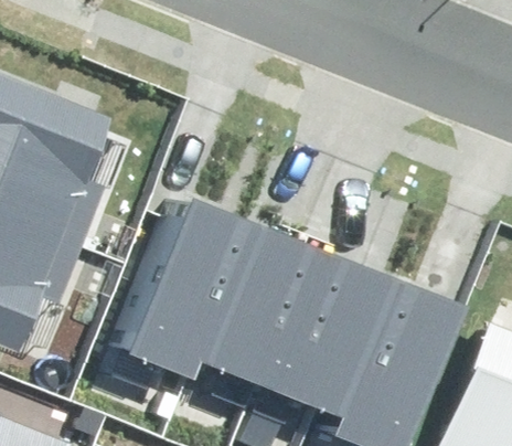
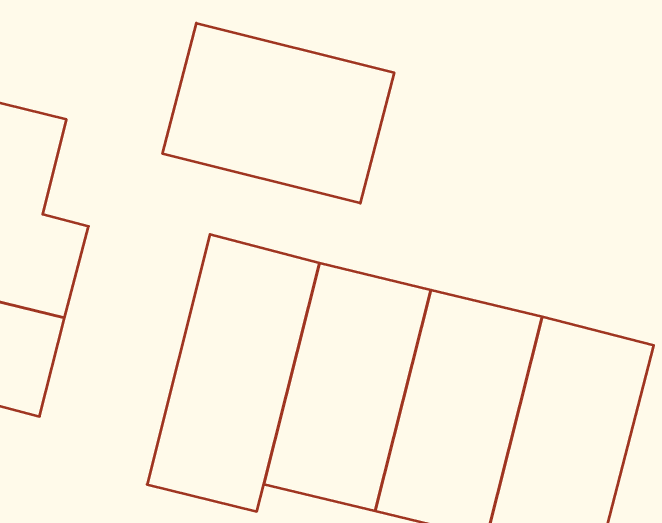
building: none -> [163,23,394,203]

